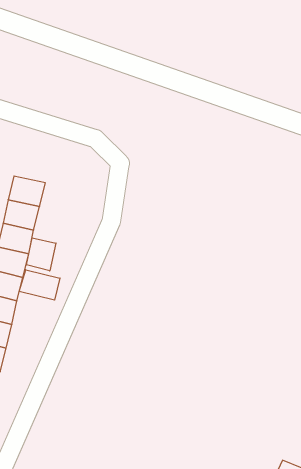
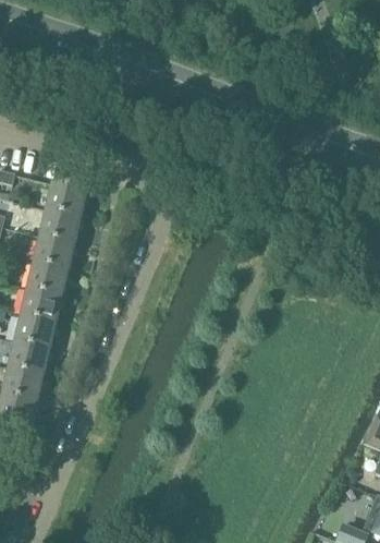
building: none -> [46,182,87,218]
building: [26,238,56,271] -> none
building: [19,270,60,300] -> none

